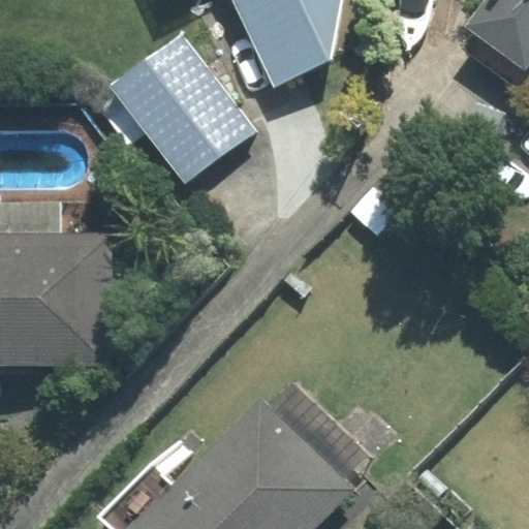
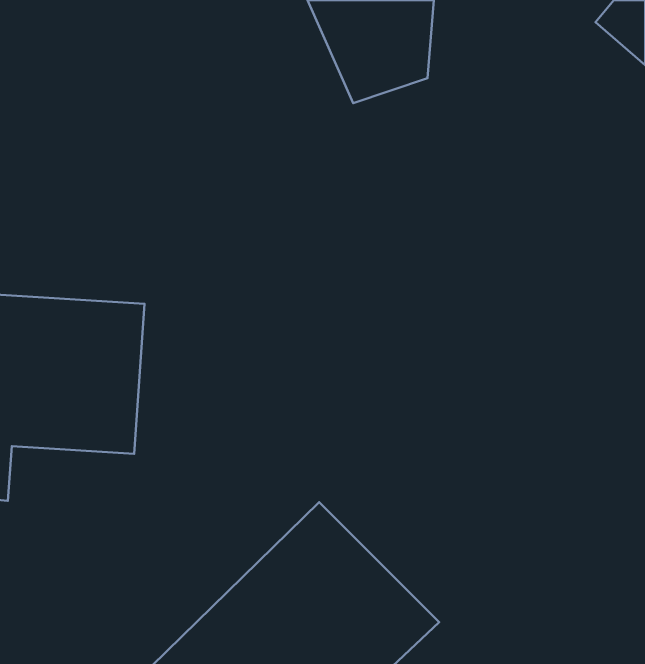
building: [110,28,258,181] -> none

